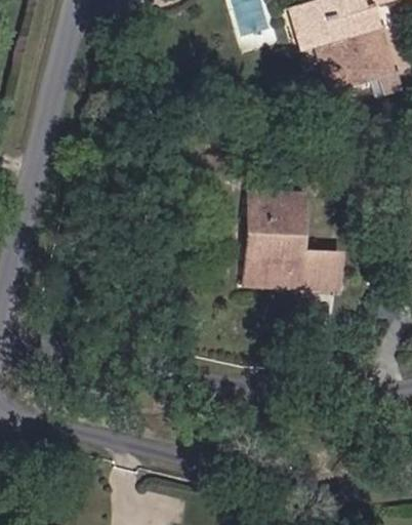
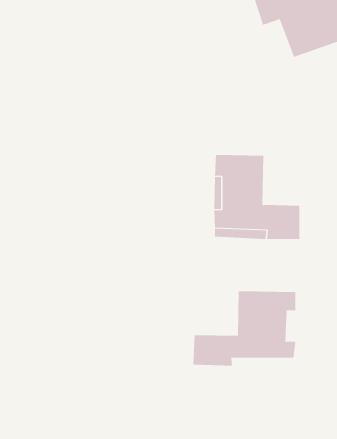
building: none -> [193,290,296,367]

